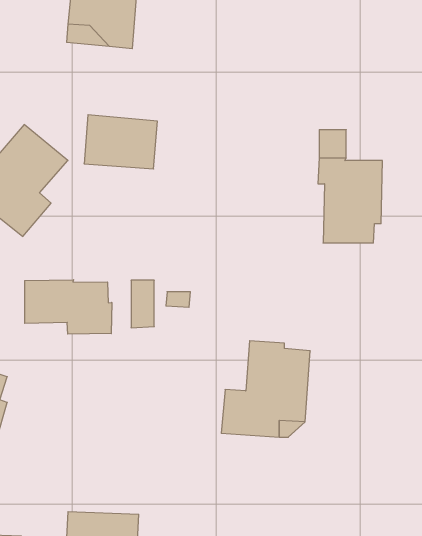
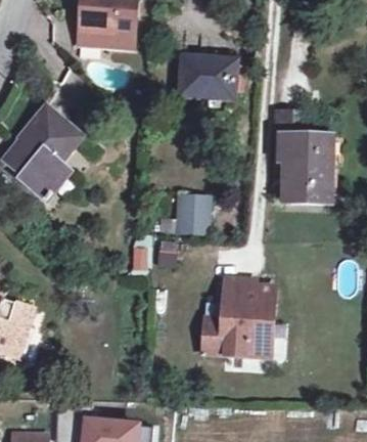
building: [84,115,157,169] -> [178,56,236,99]
building: none -> [178,196,208,233]
building: [25,280,112,334] -> none

